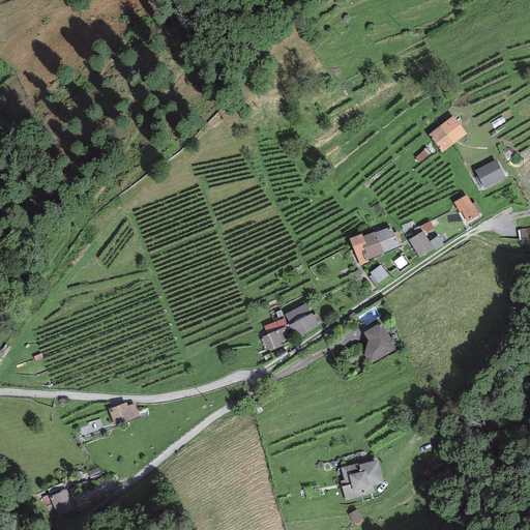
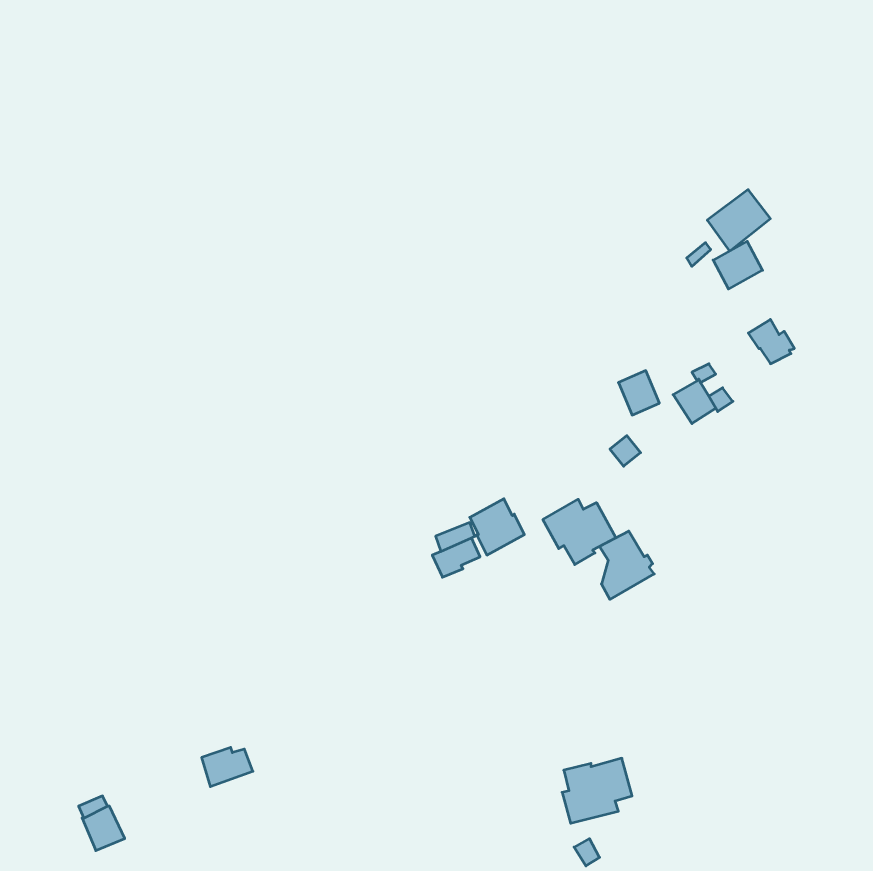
building: [475,158,505,187] -> [713,241,763,289]
building: [349,231,384,264] -> none
building: none -> [543,499,616,565]
building: [109,402,140,425] -> [202,747,253,787]

